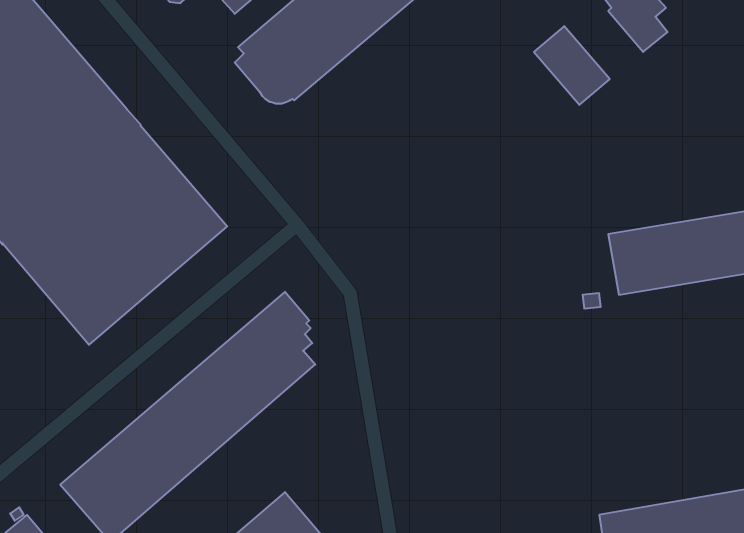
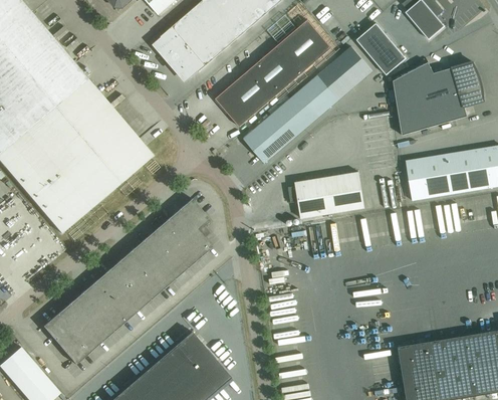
building: none -> [215,20,331,128]
building: none -> [243,47,371,164]
building: none -> [393,62,484,137]
building: none -> [287,172,364,219]

